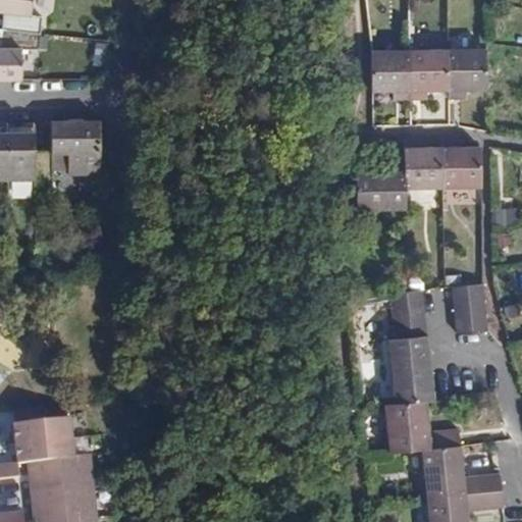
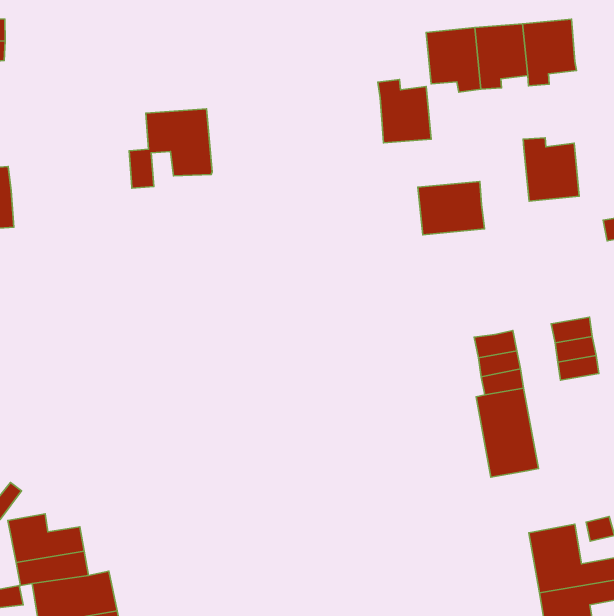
building: [35,123,99,181] -> [129,109,212,188]
building: [403,141,441,190] -> [378,79,431,143]
building: [384,402,459,454] -> none

